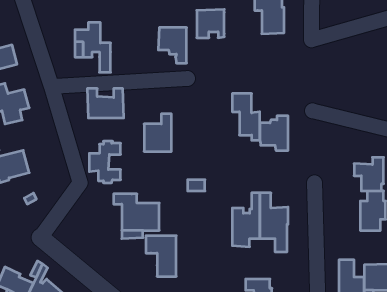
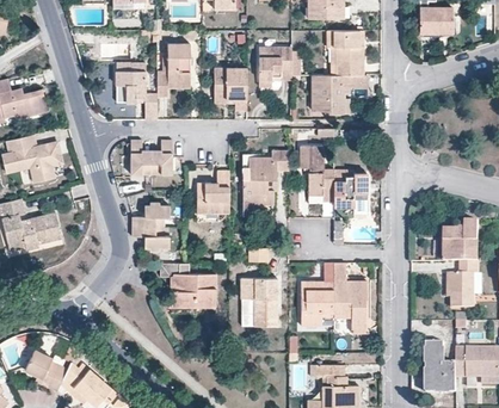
building: none -> [158,44,190,98]
building: none -> [312,75,366,116]
building: none -> [244,150,289,205]
building: [146,236,176,276] -> [241,279,277,327]

